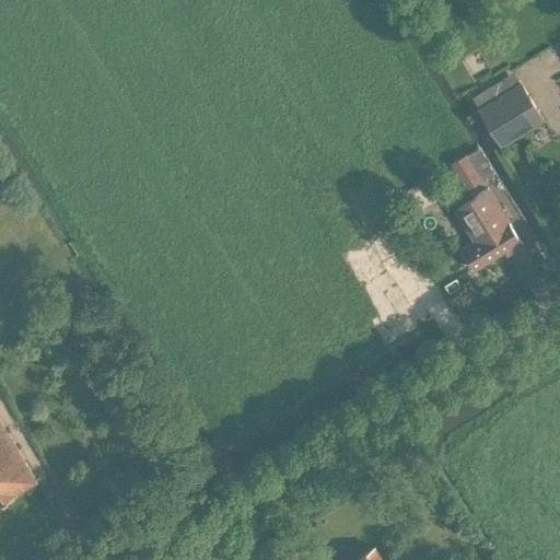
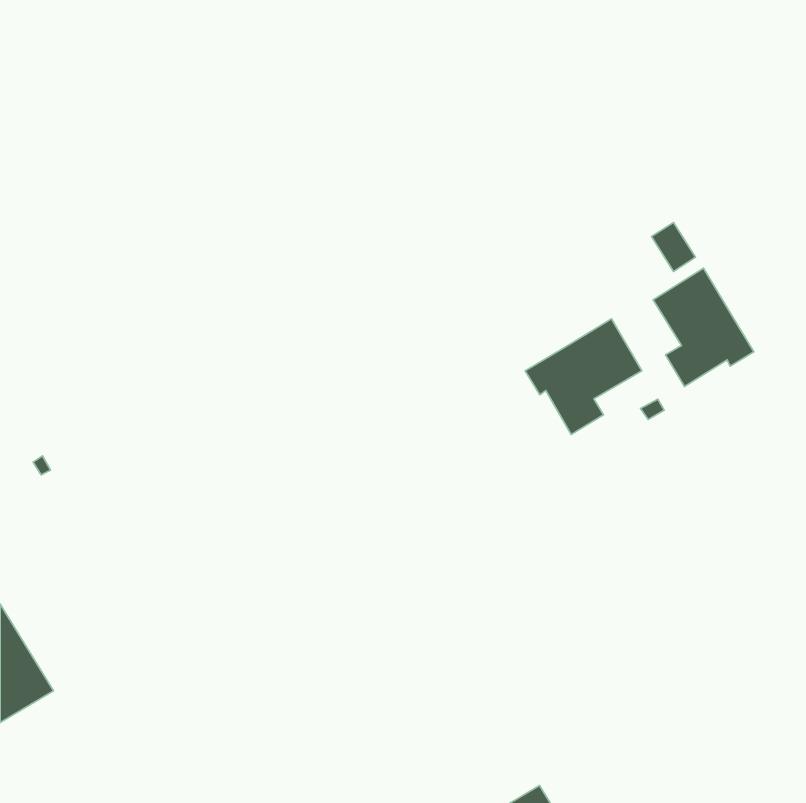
building: [477,82,545,149] -> none
building: none -> [525,319,642,435]

